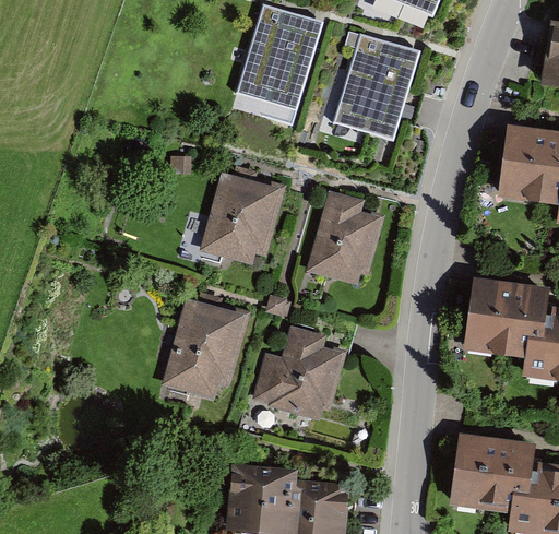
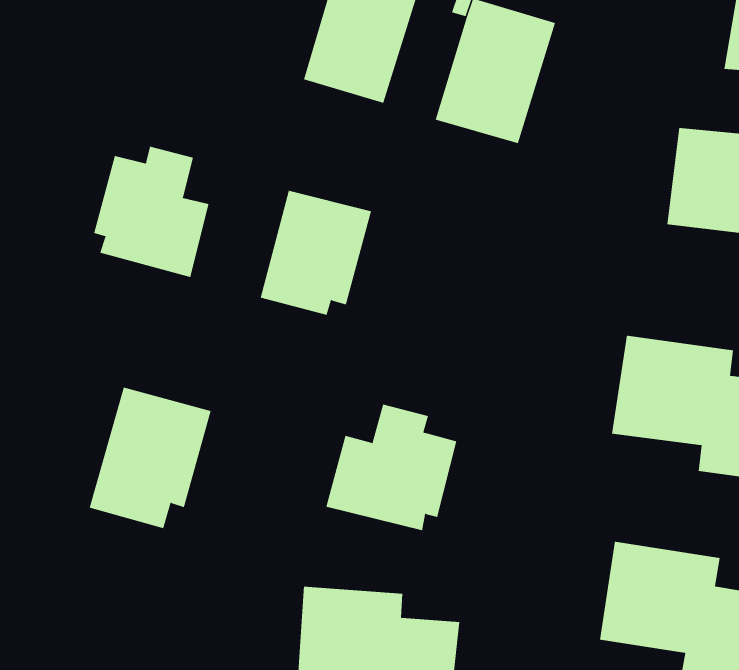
building: none -> [94,146,209,278]
building: [307,191,385,285] -> none
building: [162,299,251,403] -> [89,387,212,529]

